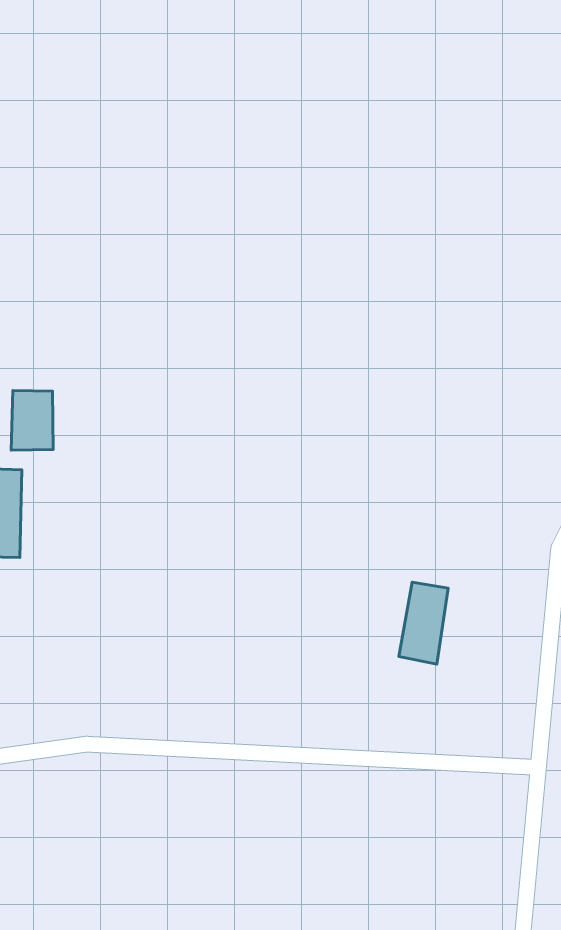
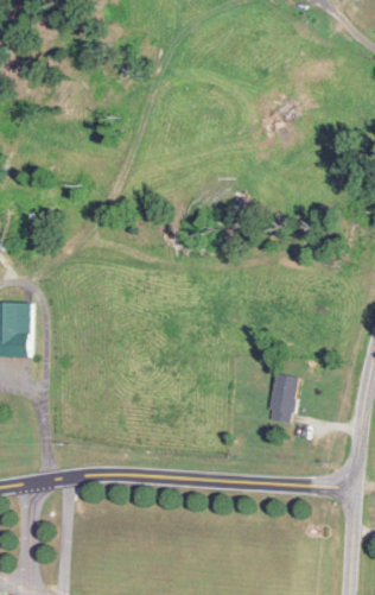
building: [11,390,53,450] -> none

